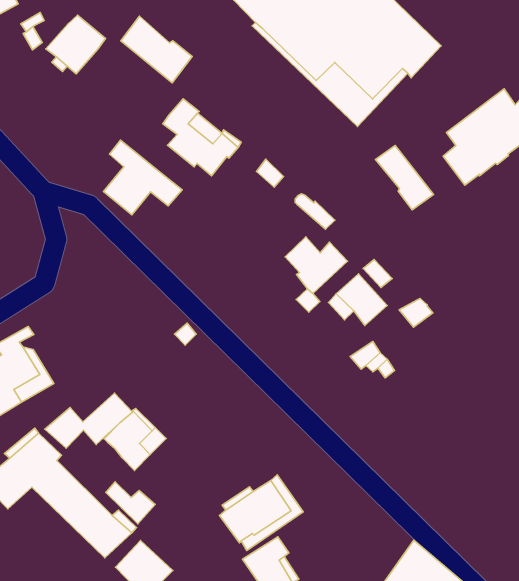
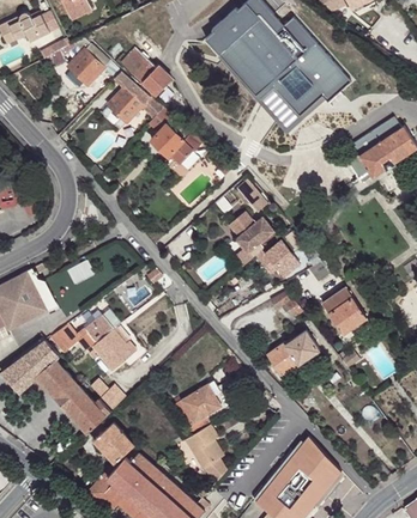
building: [103,140,182,215] -> [107,69,163,123]
building: [375,146,433,210] -> none
building: none -> [321,287,367,334]
building: none -> [266,330,319,376]

